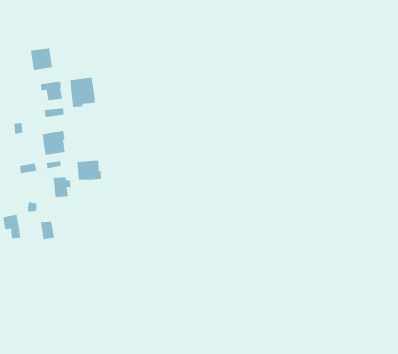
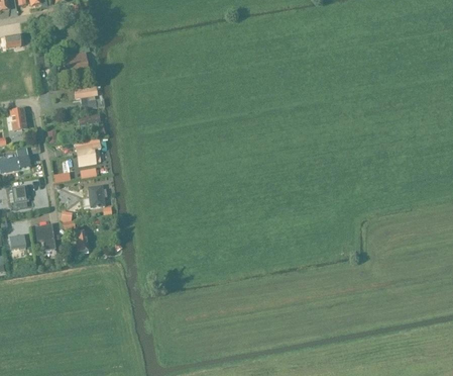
building: [70,77,96,108] -> none
building: [77,160,102,181] -> none

